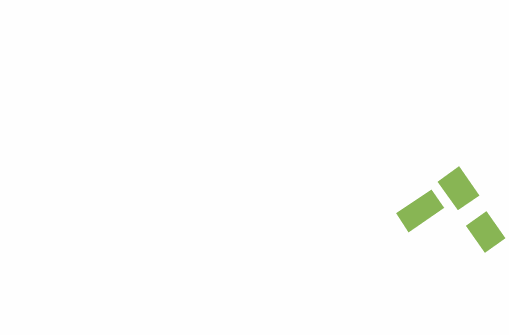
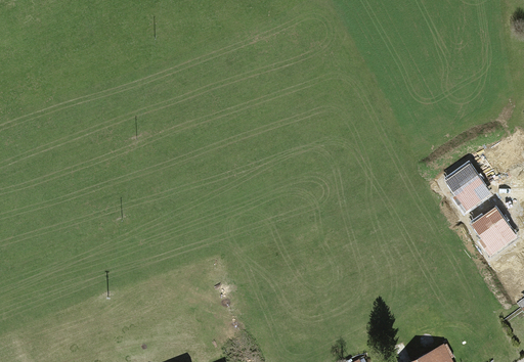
building: [395,188,445,234] -> none

